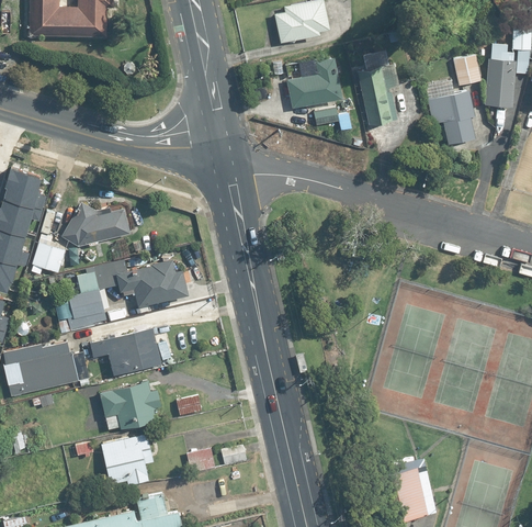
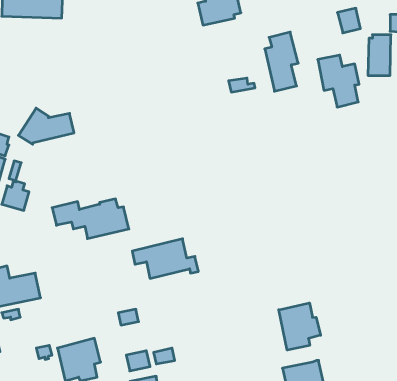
building: [452,56,480,87] -> [337,8,360,33]
building: [285,58,342,109] -> none
building: [60,203,129,248] -> [18,108,74,144]
building: [53,273,109,334] -> none
building: [90,326,172,375] -> [132,239,198,278]
building: [99,380,161,430] -> none
building: none -> [279,303,321,350]

